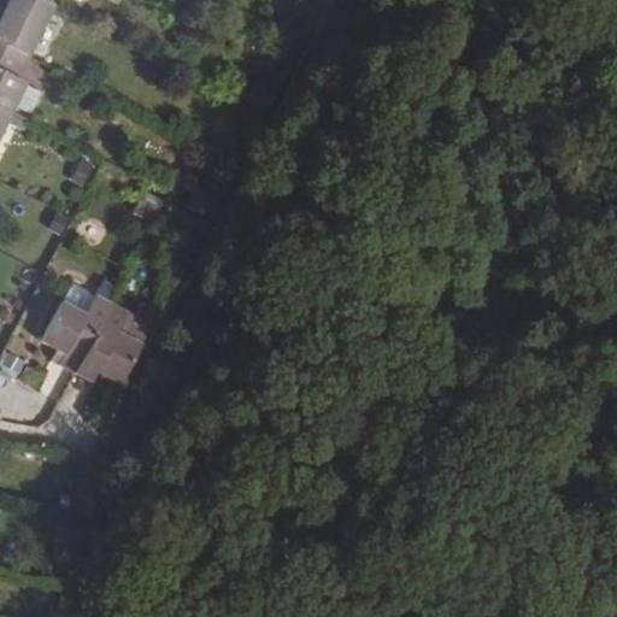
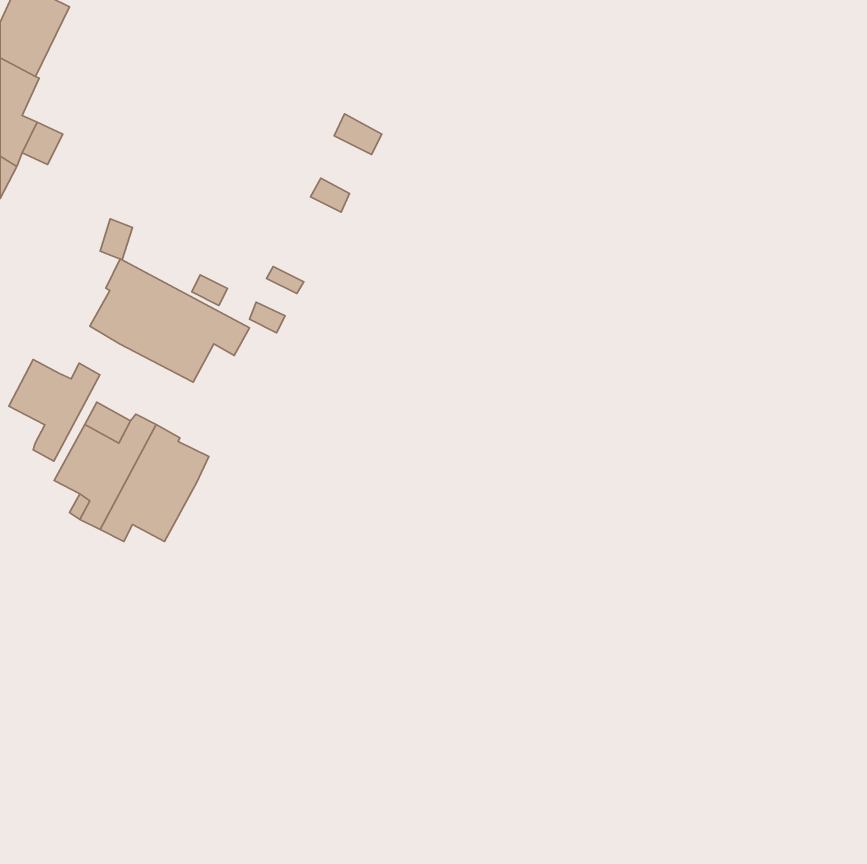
building: none -> [90,259,250,382]
building: none -> [9,360,100,461]

